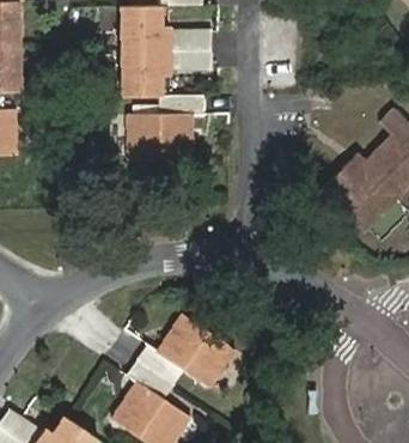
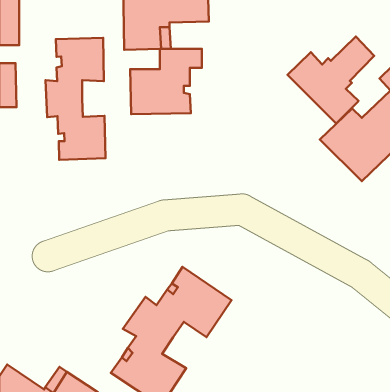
building: none -> [287,37,374,124]
building: none -> [45,38,106,160]

